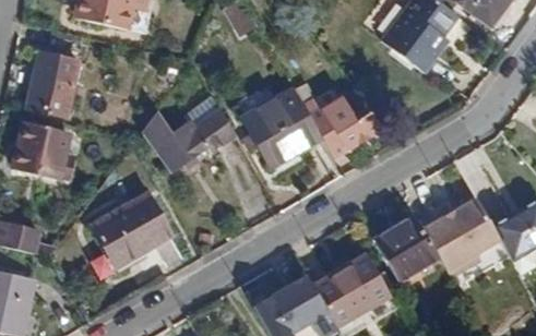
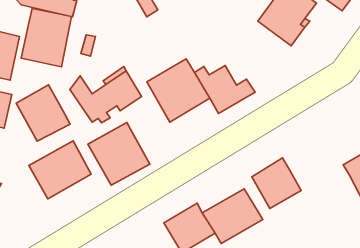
building: none -> [21,8,72,67]
building: none -> [16,85,70,141]
building: none -> [88,122,150,185]
building: [425,199,502,277] -> none

